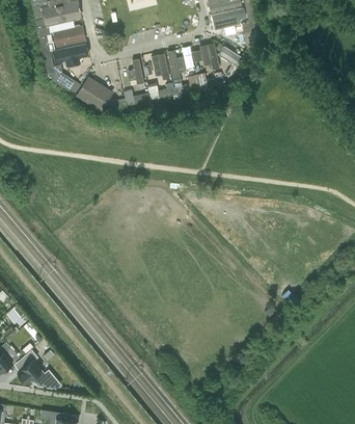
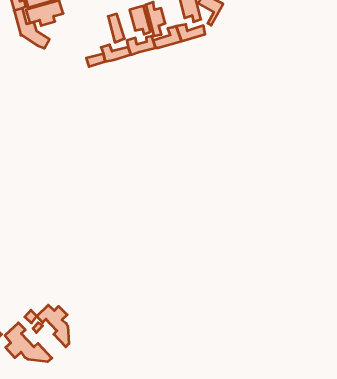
building: [76,77,111,110] -> none
building: none -> [37,305,69,347]

